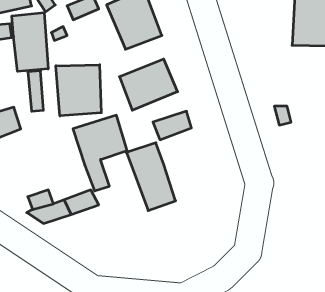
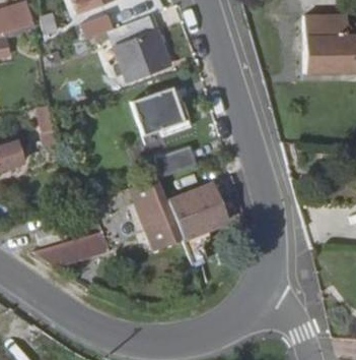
building: [12,13,48,71] -> none
building: [56,65,101,116] -> none
building: [73,115,127,191] -> [171,183,227,261]

